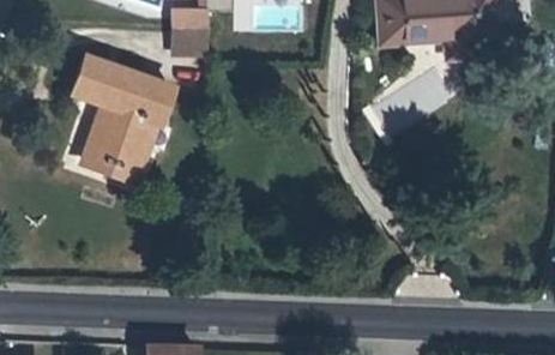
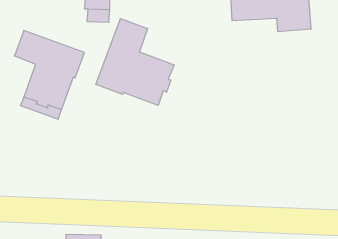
building: none -> [96,19,174,105]

